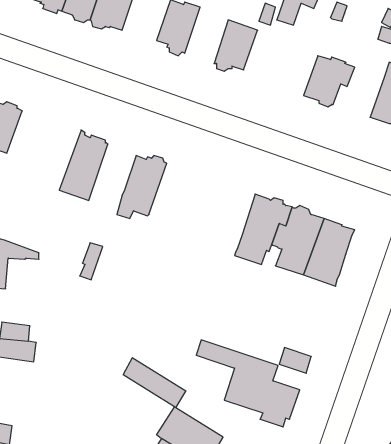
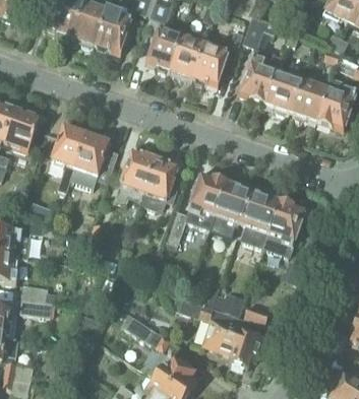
building: none -> [170,32,204,77]
building: none -> [239,44,283,103]
building: none -> [288,78,328,120]
building: none -> [51,124,87,190]
building: none -> [141,155,178,207]
building: none -> [166,174,226,244]

